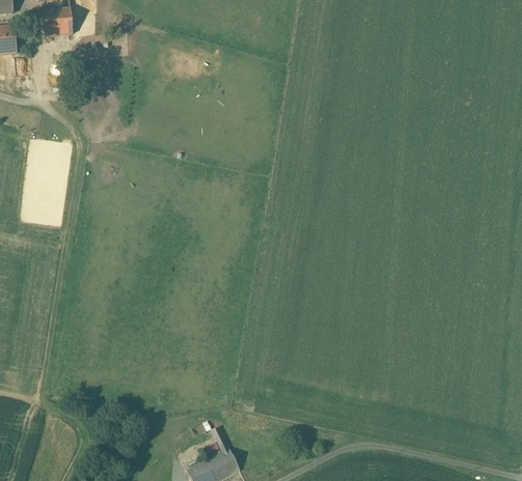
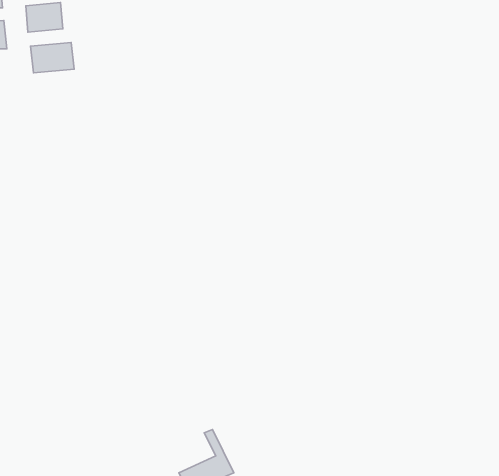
building: none -> [31,43,74,73]

